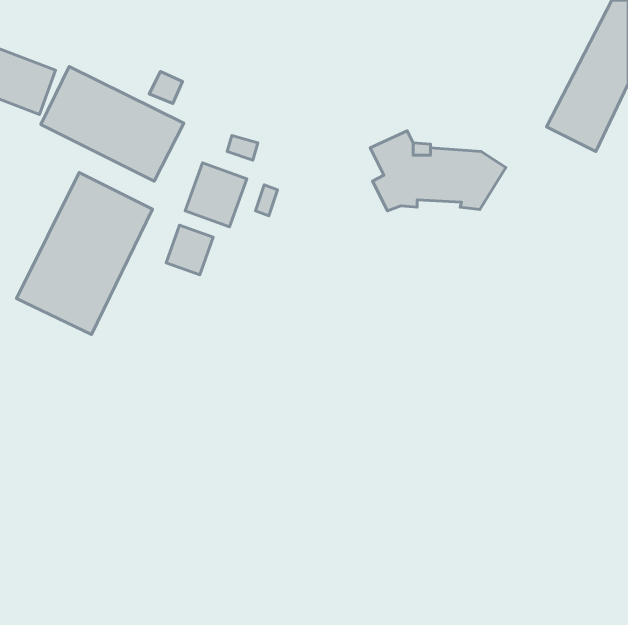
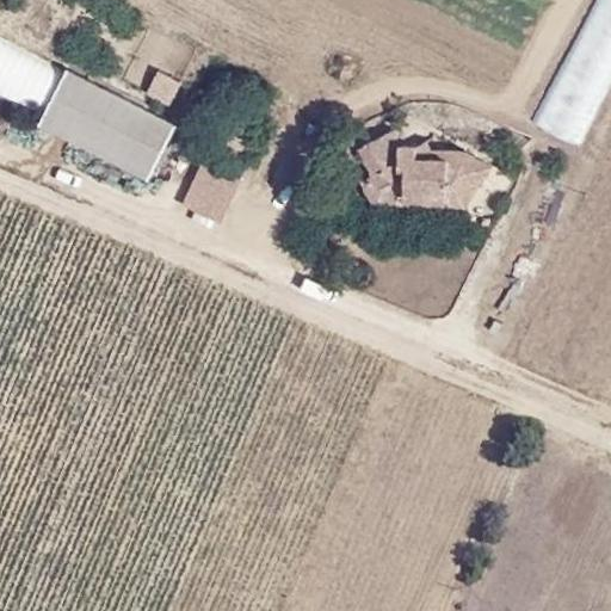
building: [17,173,153,335] -> none
building: [166,225,213,275] -> none

